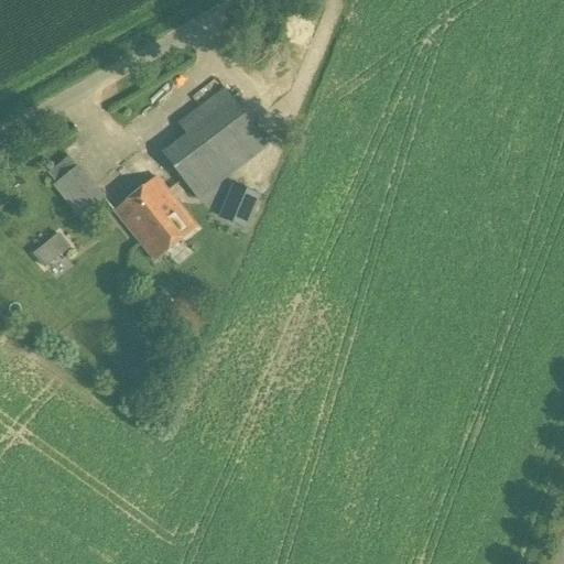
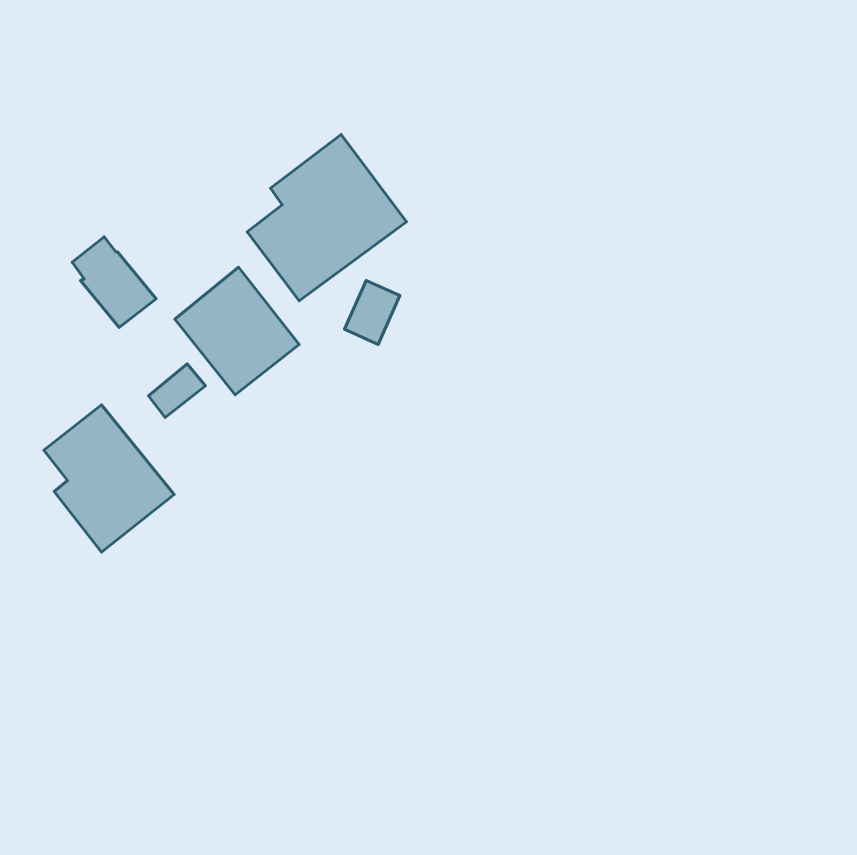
building: [32,231,69,267] -> [148,364,205,418]
building: none -> [44,405,174,552]

